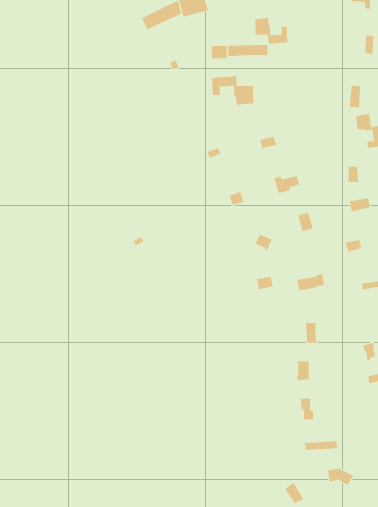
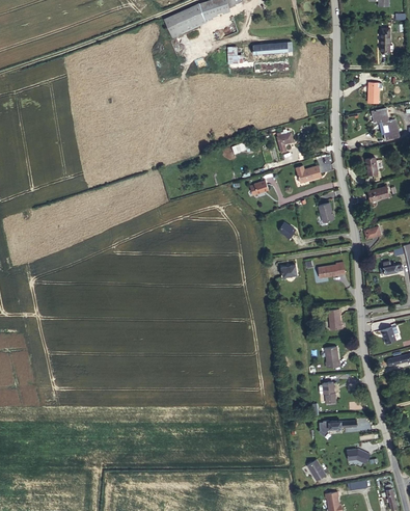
building: [255,17,288,45] -> none
building: [212,75,254,106] -> none

